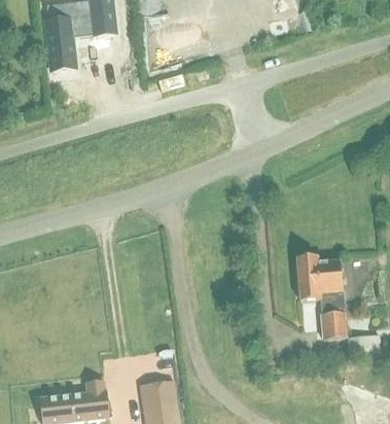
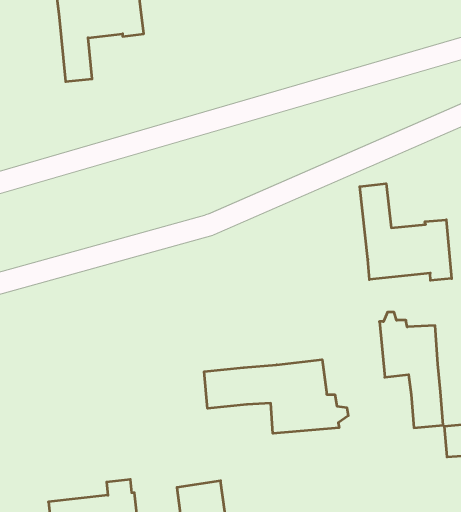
building: none -> [360,184,452,280]
building: none -> [204,360,348,433]

